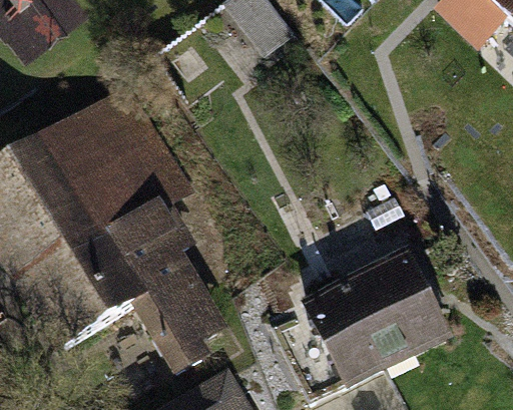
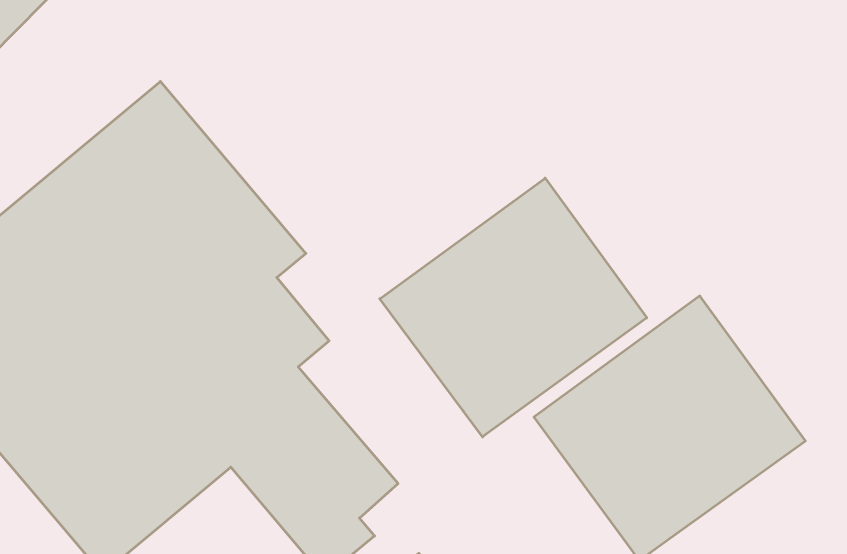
building: none -> [380,178,647,437]

